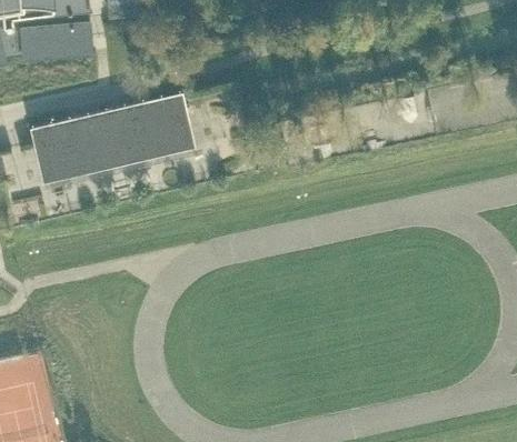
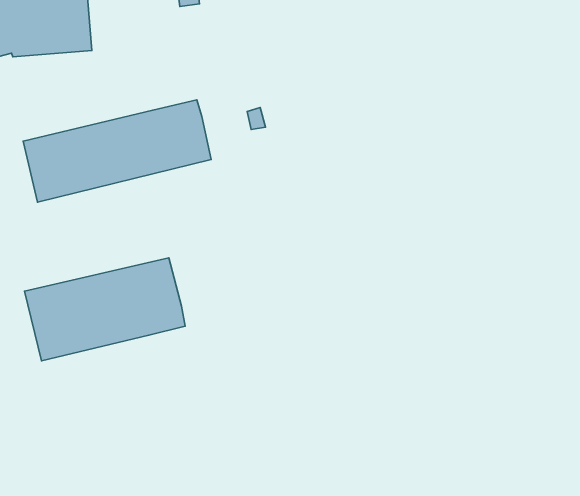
building: none -> [25,258,185,361]

